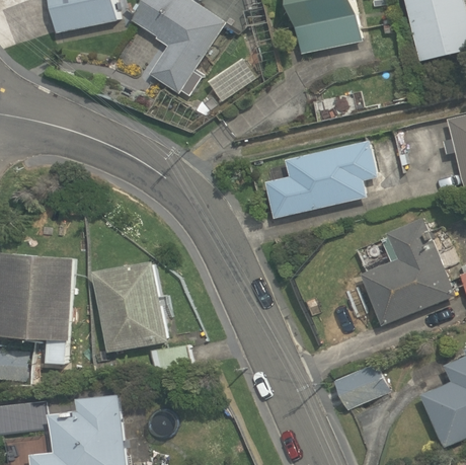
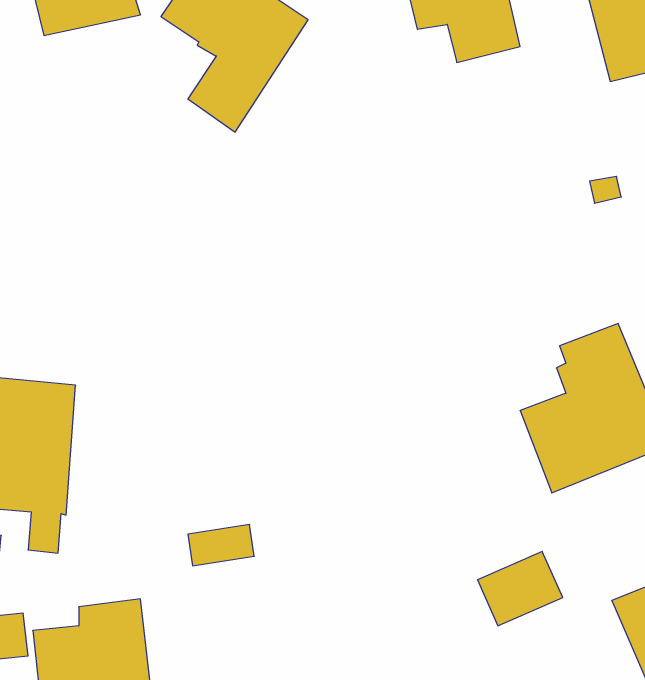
building: [264,139,377,218] -> none
building: [93,259,169,353] -> none

